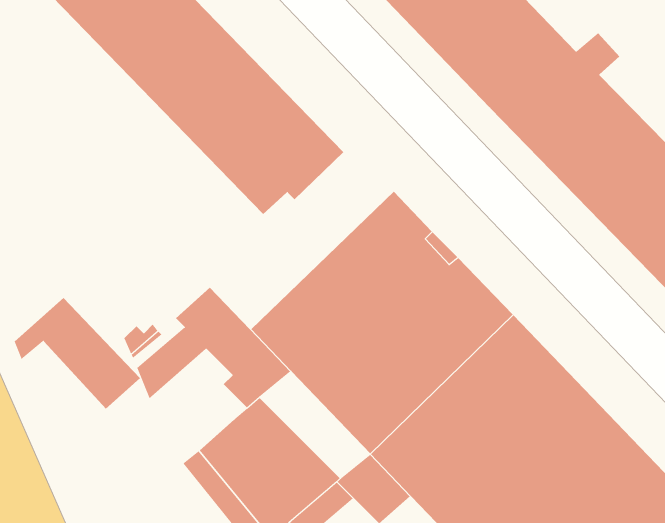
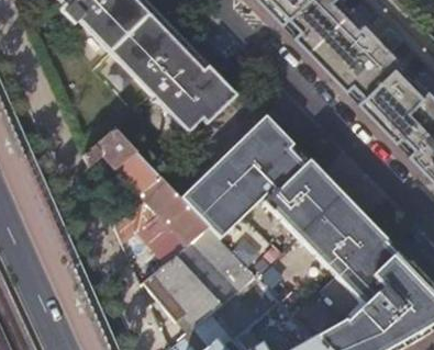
building: [14,297,141,410] -> [82,127,158,194]
building: none -> [188,226,254,290]

